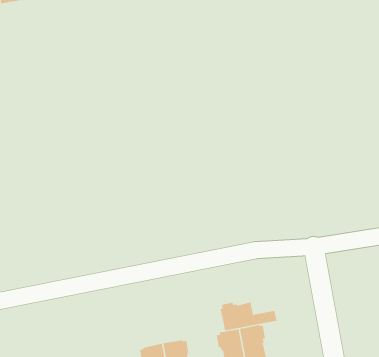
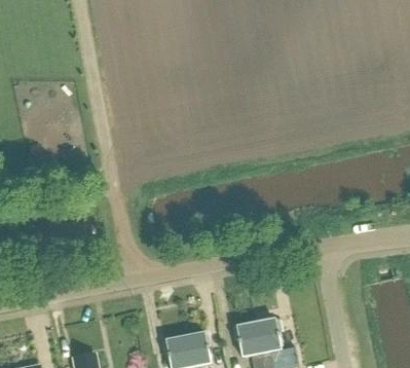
building: [220,302,277,331] -> none

